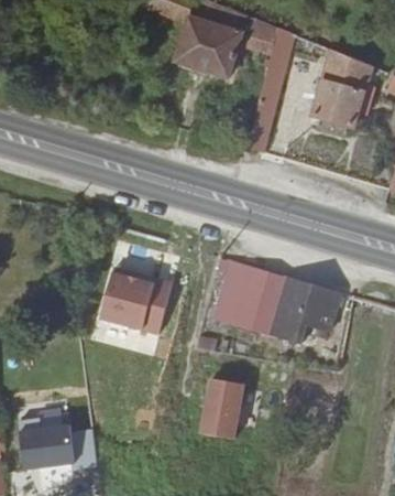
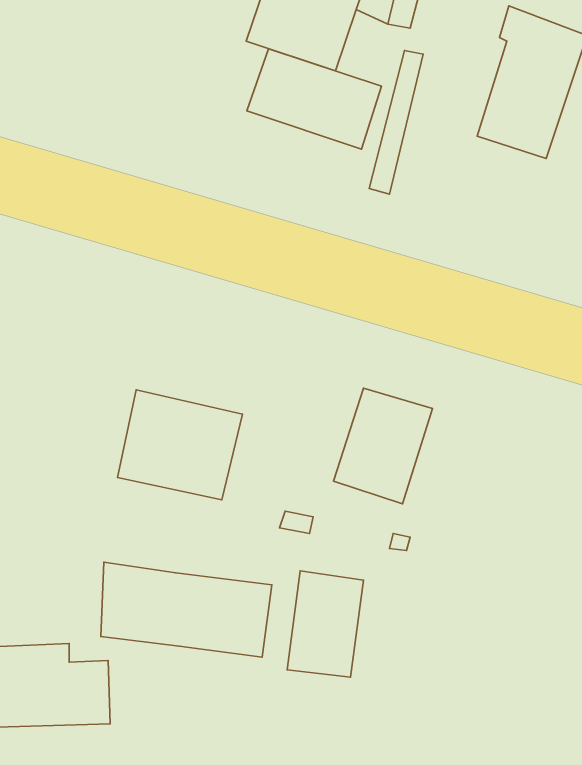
building: none -> [247,49,381,149]
building: [267,279,341,343] -> none
building: none -> [101,562,272,657]

